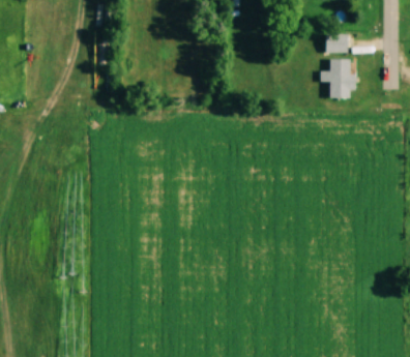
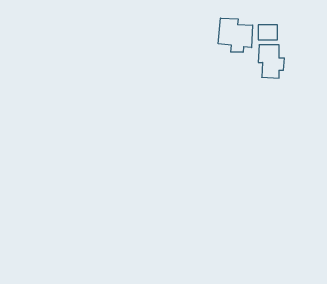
building: none -> [218,18,253,52]

